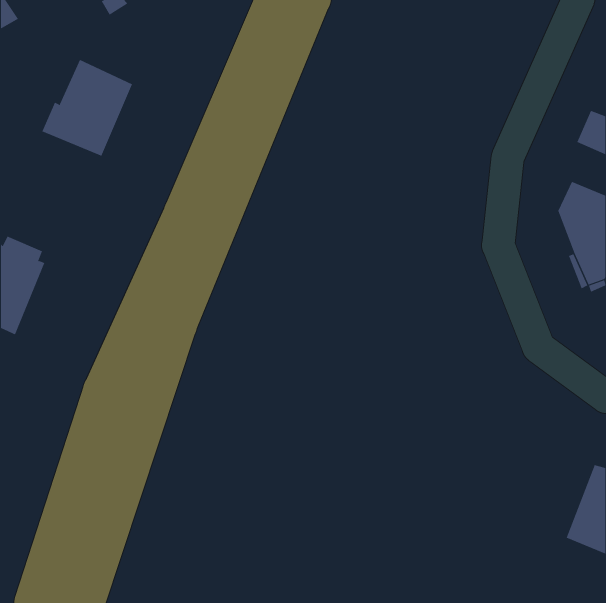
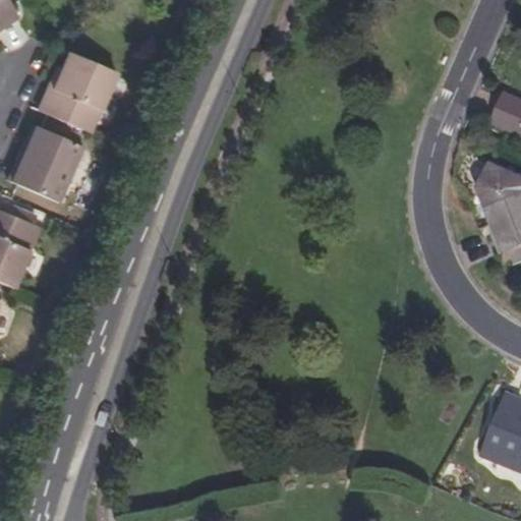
building: none -> [8,126,82,200]

